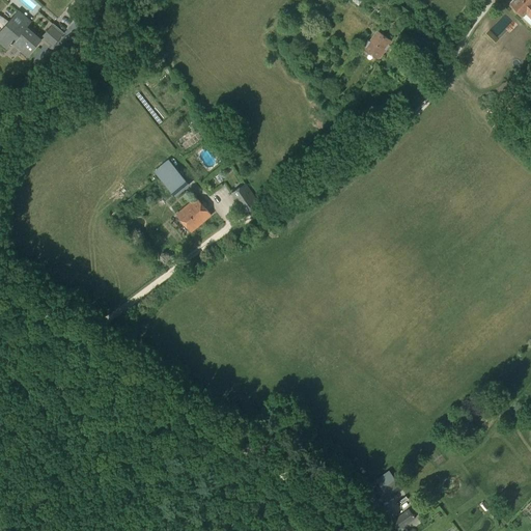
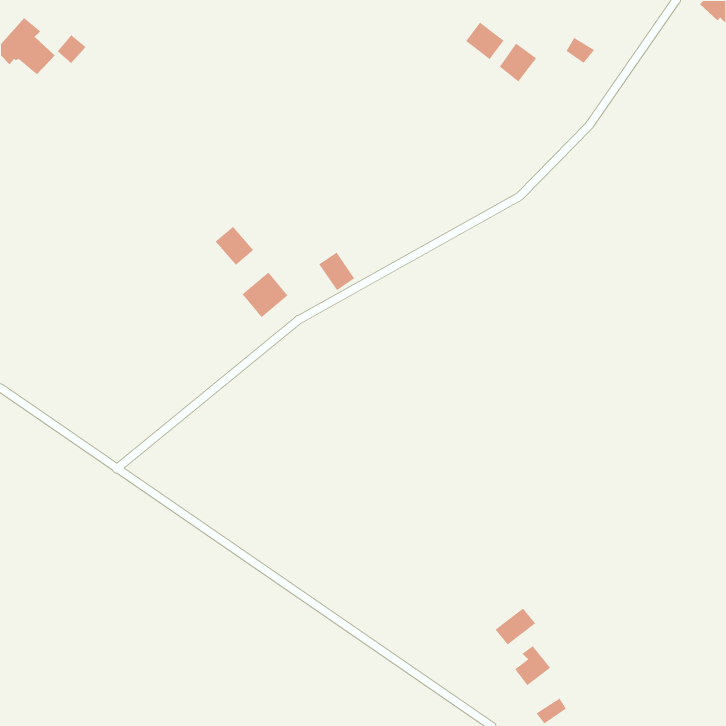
building: none -> [465,22,505,60]
building: none -> [494,608,536,645]

